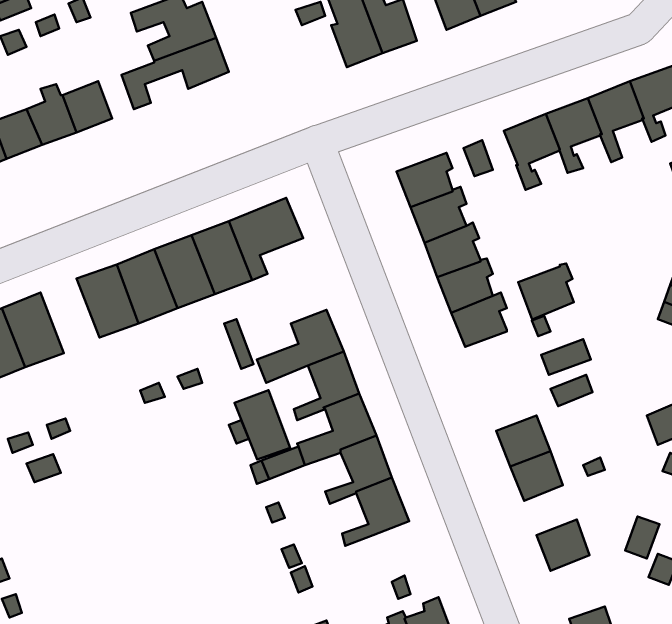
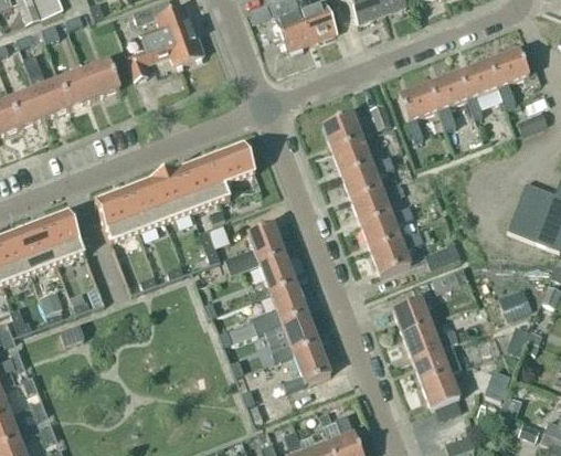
building: [518,263,574,319] -> [370,235,410,275]
building: [235,390,290,459] -> none
building: none -> [412,347,449,382]

